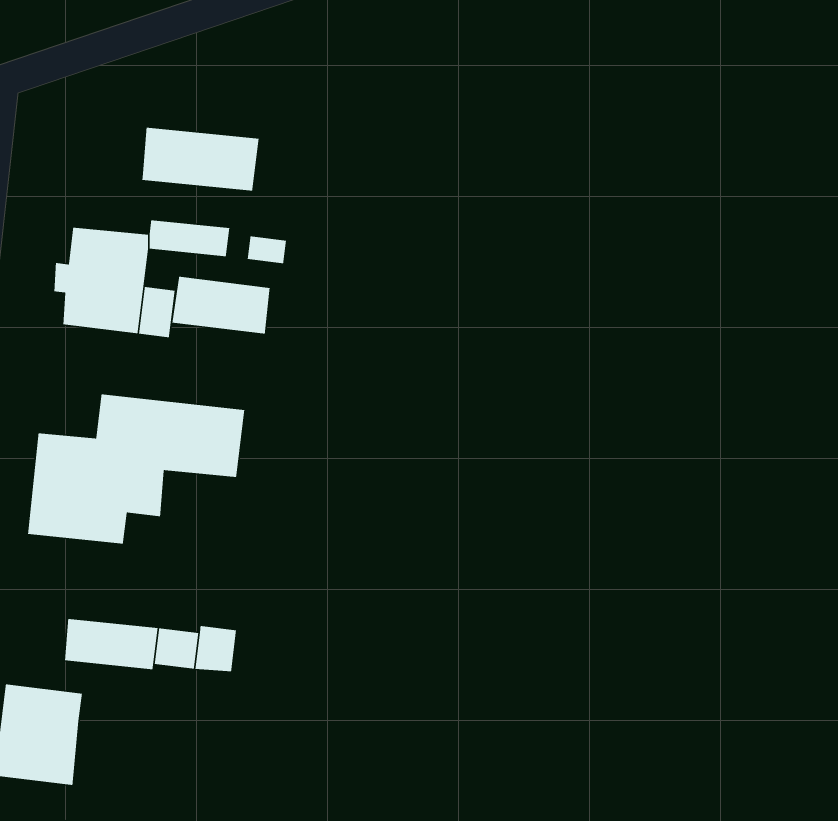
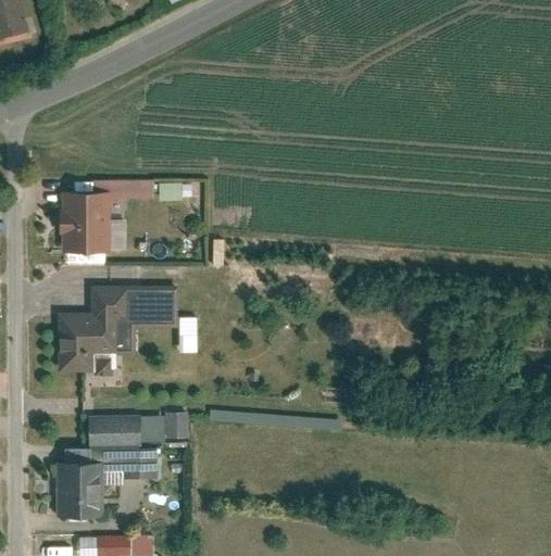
building: [142,127,260,192] -> none
building: [172,276,271,335] -> none
building: none -> [101,450,156,478]

